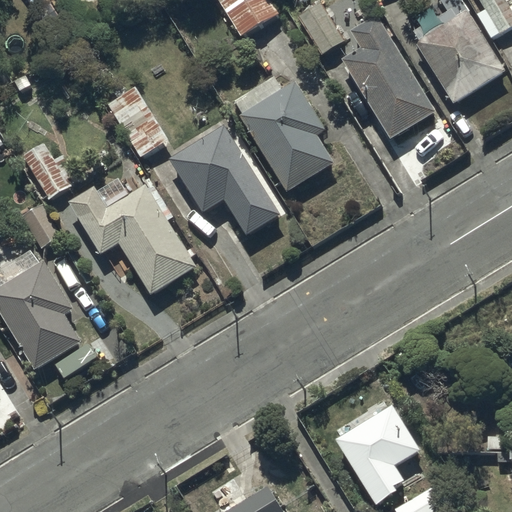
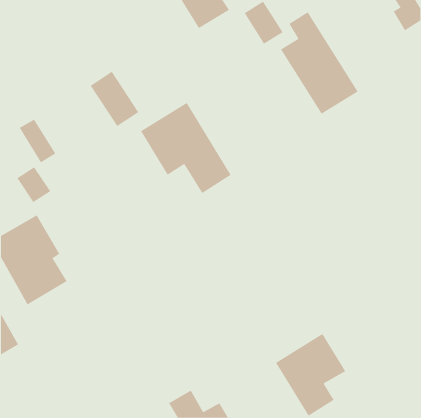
building: [409,4,506,104] -> none
building: [235,75,332,192] -> none
building: [68,183,198,297] -> none

